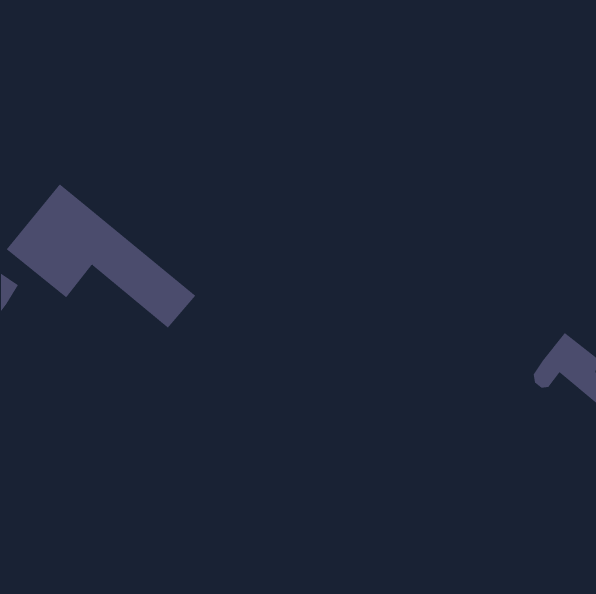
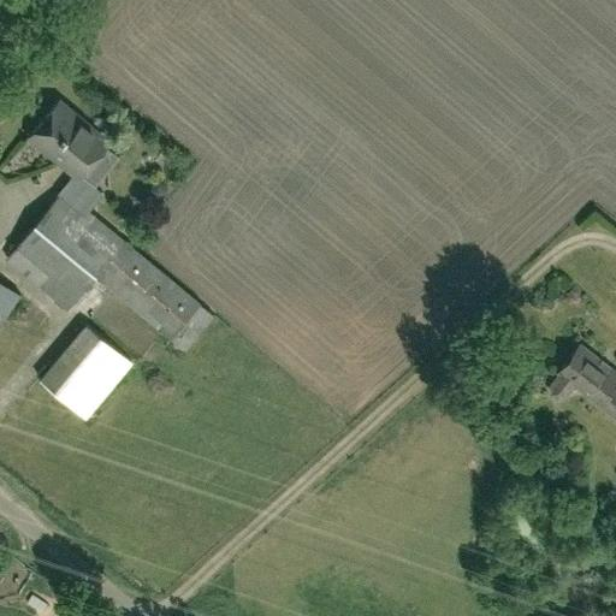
building: none -> [26,100,112,214]
building: none -> [41,326,132,419]

